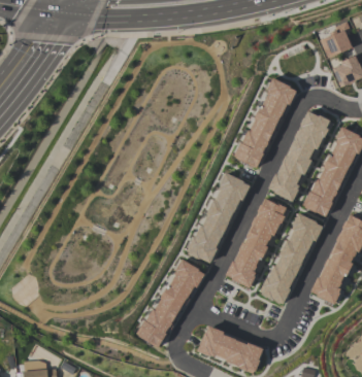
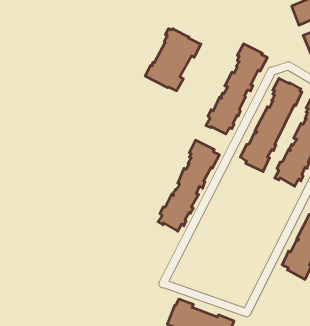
building: none -> [145,29,201,91]
building: [227,196,288,287] -> none
building: [262,212,323,301] -> none
building: [139,256,206,344] -> none

